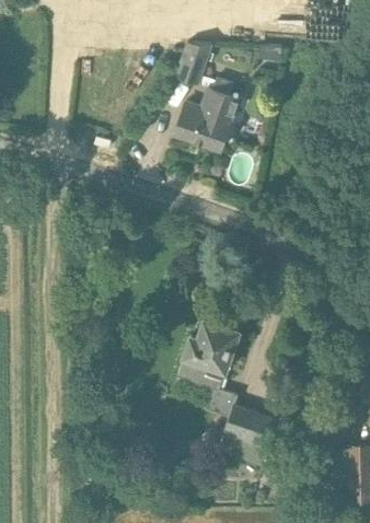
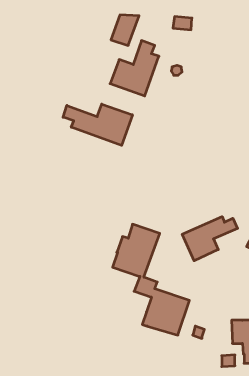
building: none -> [63,104,132,145]
building: none -> [182,217,238,261]

